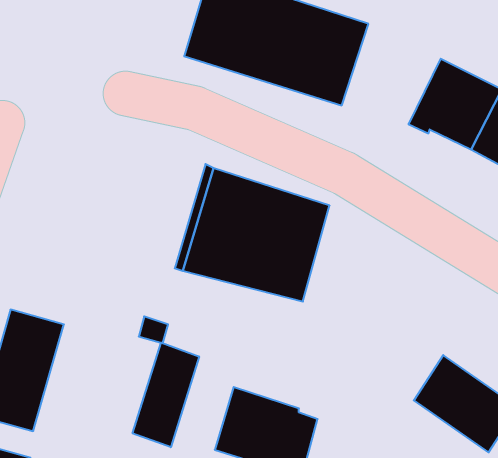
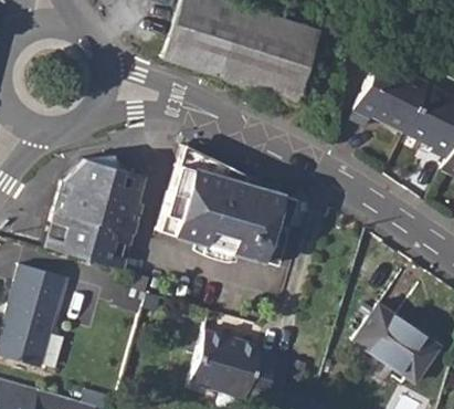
building: none -> [47,155,146,271]
building: [133,343,199,447] -> none

